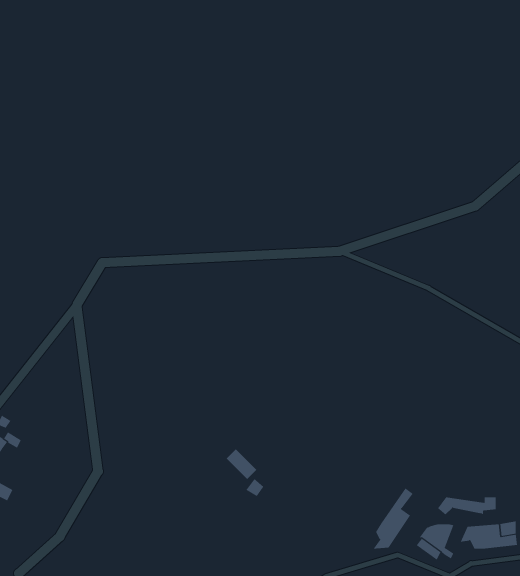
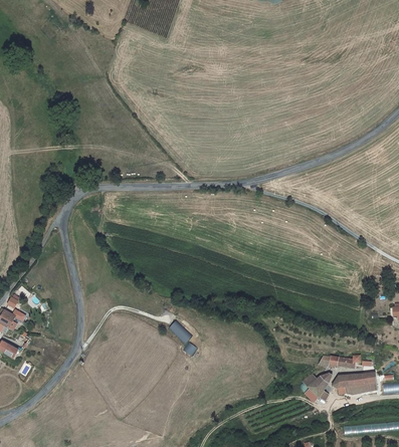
building: [372,488,413,549] -> none

